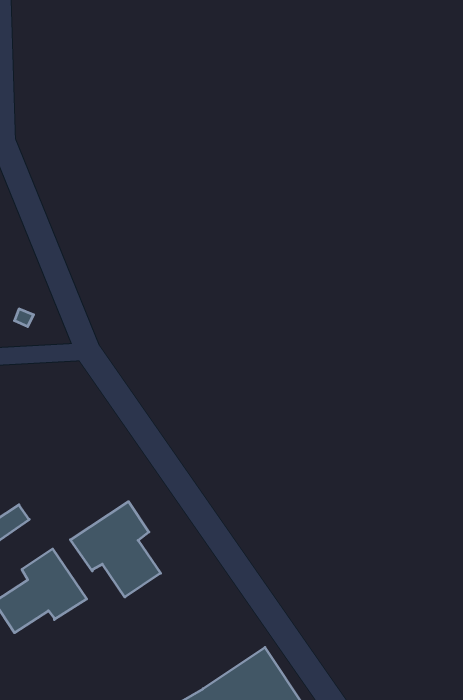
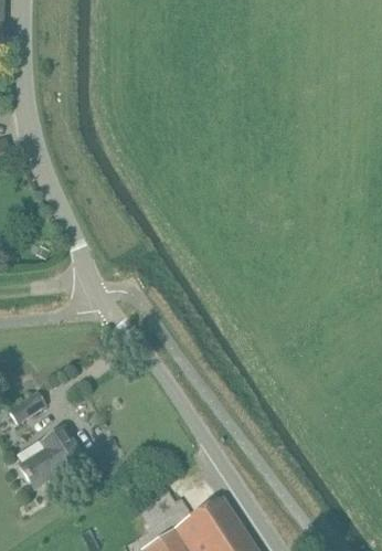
building: [70,502,161,597] -> none

